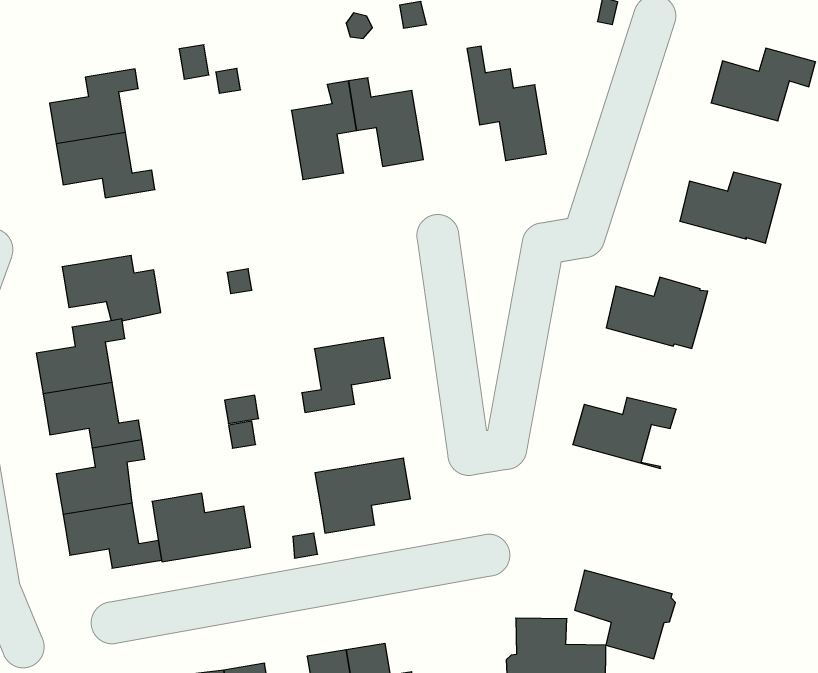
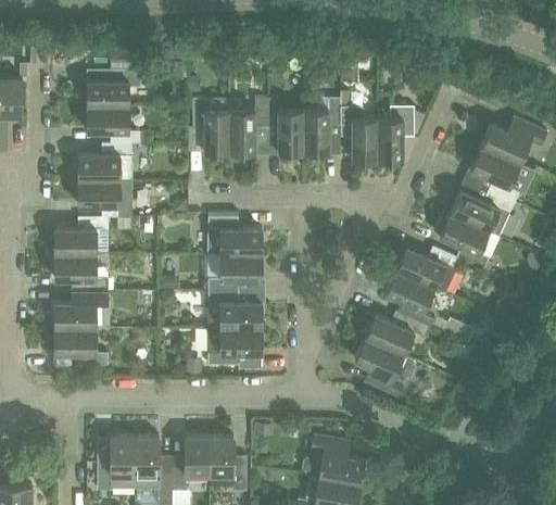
building: none -> [378,106,415,161]
building: none -> [304,98,341,152]
building: none -> [193,98,230,152]
building: none -> [470,147,520,202]
building: none -> [78,143,132,180]
building: none -> [435,214,489,269]
building: none -> [208,217,263,254]
building: none -> [386,270,438,326]
building: [152,493,251,562] -> [208,291,263,328]
building: [575,570,675,659] -> [355,337,416,396]

